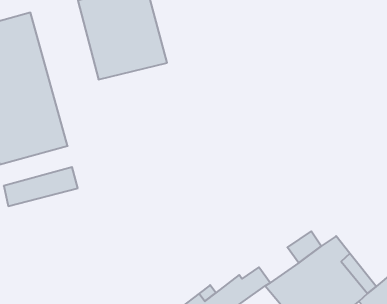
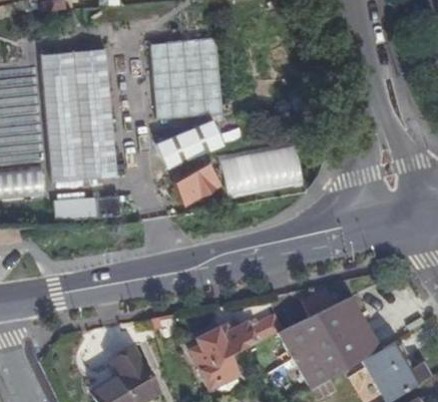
building: none -> [156,118,222,166]
building: none -> [221,142,304,197]
building: none -> [172,160,216,202]

